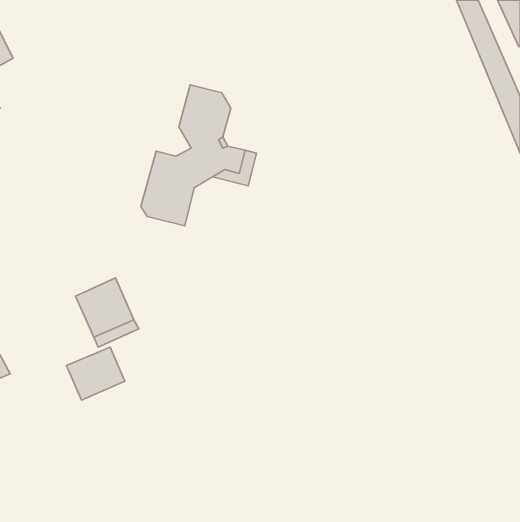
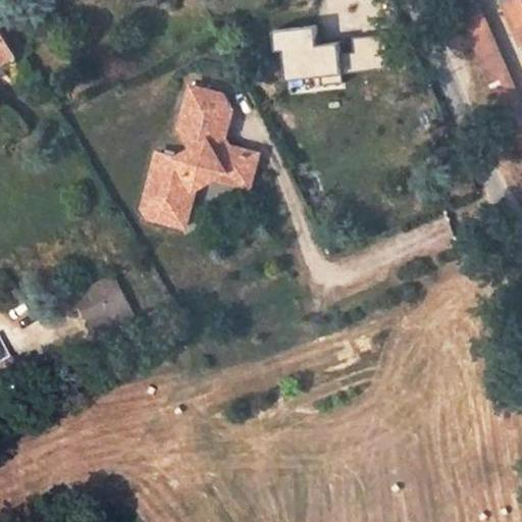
building: none -> [272,23,389,81]
building: [66,347,125,400] -> none

